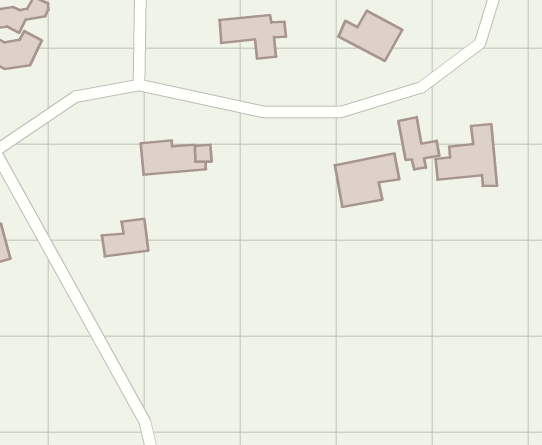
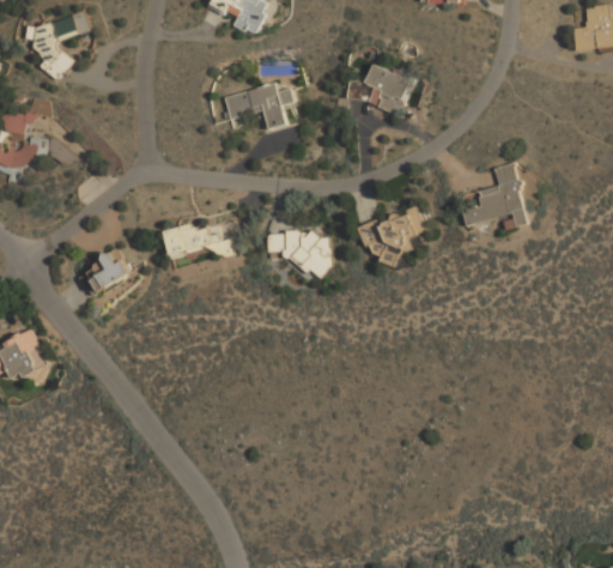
building: [399,117,439,170] -> none
building: none -> [267,232,329,270]
building: [102,219,148,256] -> [79,249,128,292]

